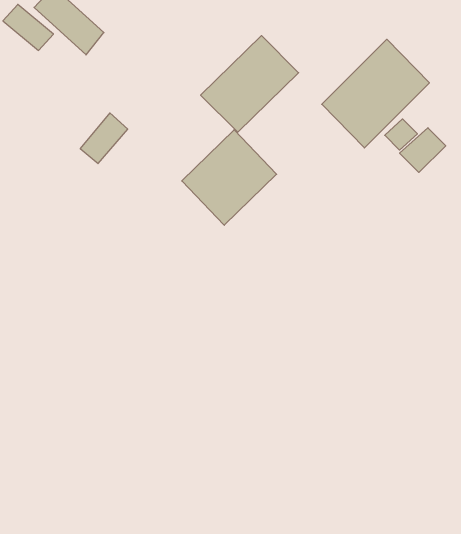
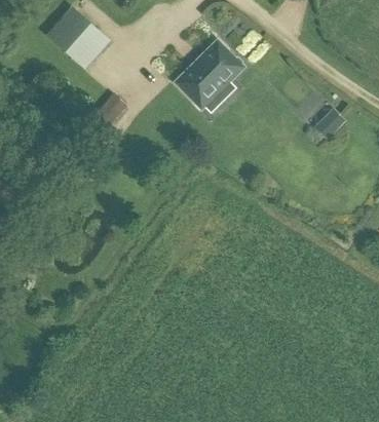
building: [322,39,429,148] -> none
building: [182,130,277,225] -> none

